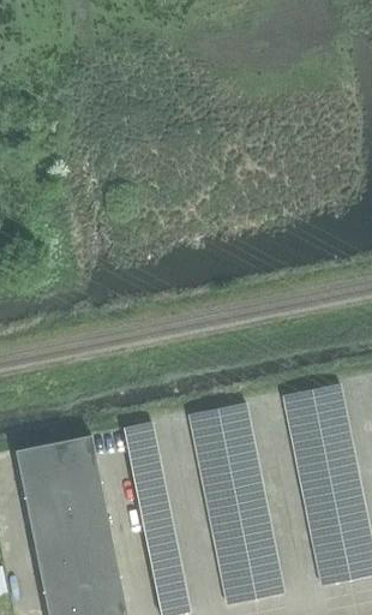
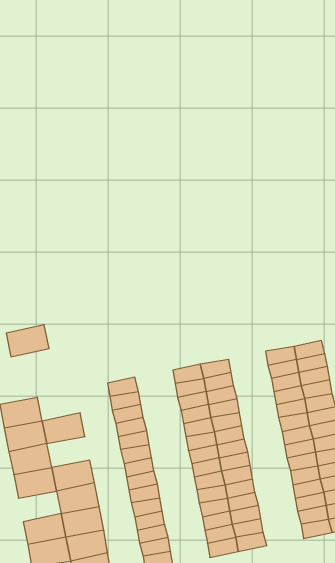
building: [53,435,96,467] -> [6,325,49,357]
building: [62,483,106,514] -> none
building: [34,538,77,569] -> none

